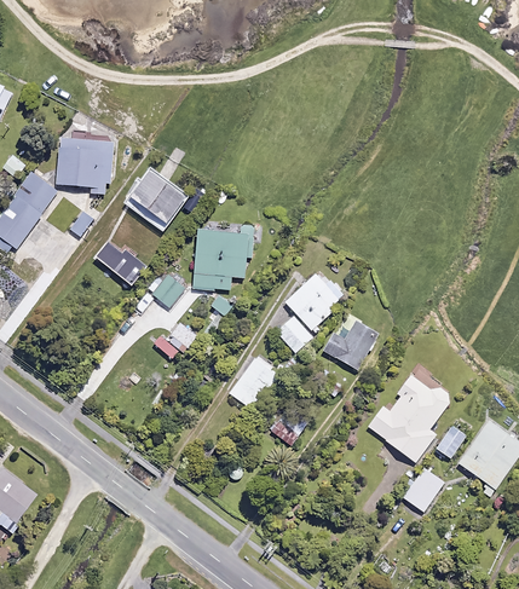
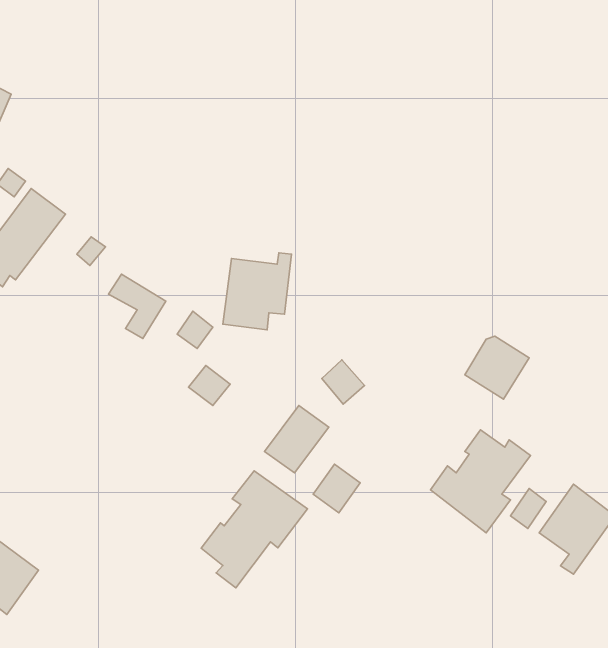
building: [57,137,114,195] -> none
building: [125,168,189,231] -> none
building: [286,273,344,330] -> none
building: [324,317,379,370] -> [465,336,529,399]
building: none -> [201,471,307,588]
building: [402,467,444,512] -> none

